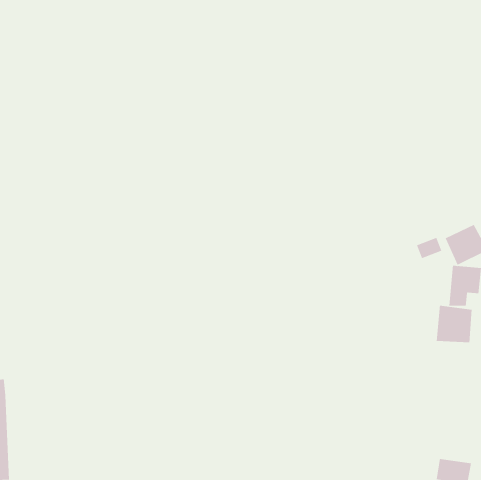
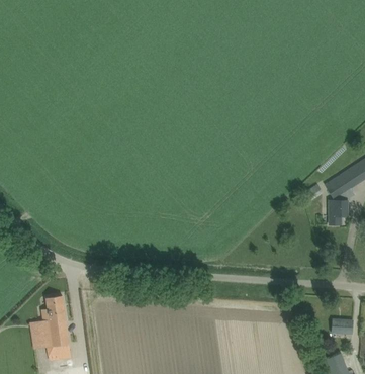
building: [436,305,472,343] -> none

